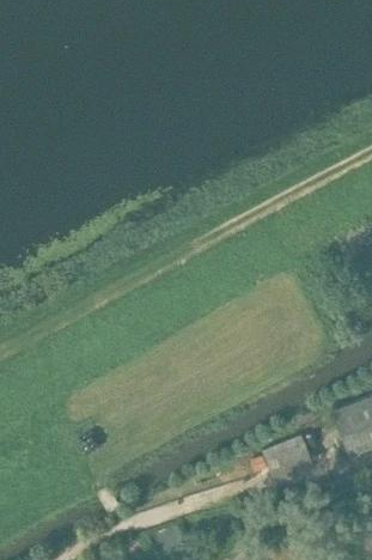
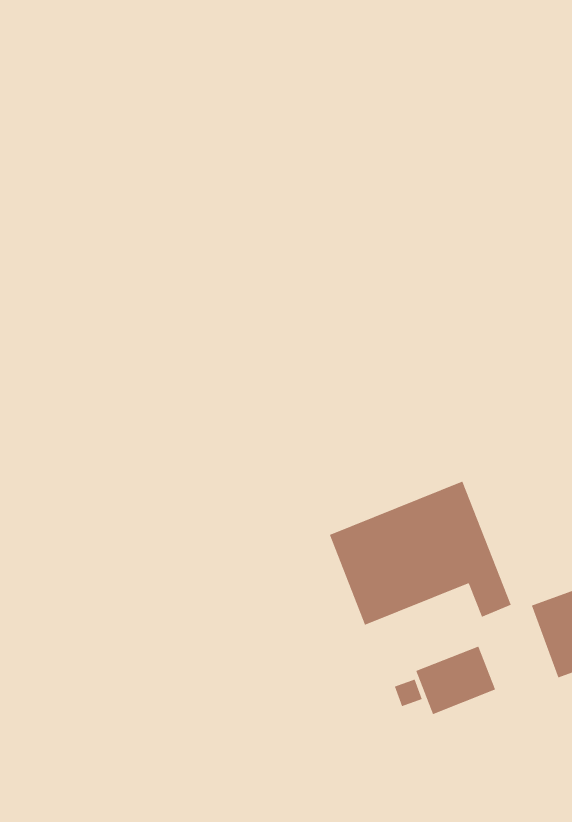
building: none -> [329,481,512,626]

